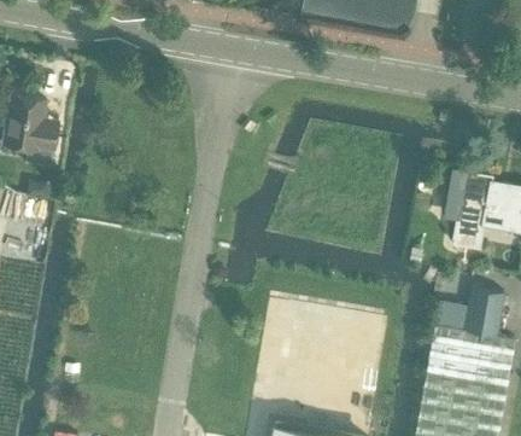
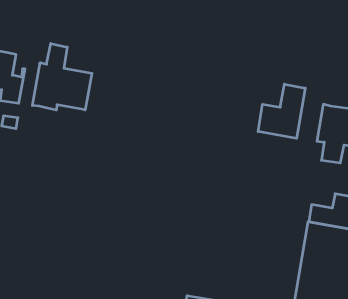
building: none -> [32,43,92,110]
building: none -> [258,84,305,138]

